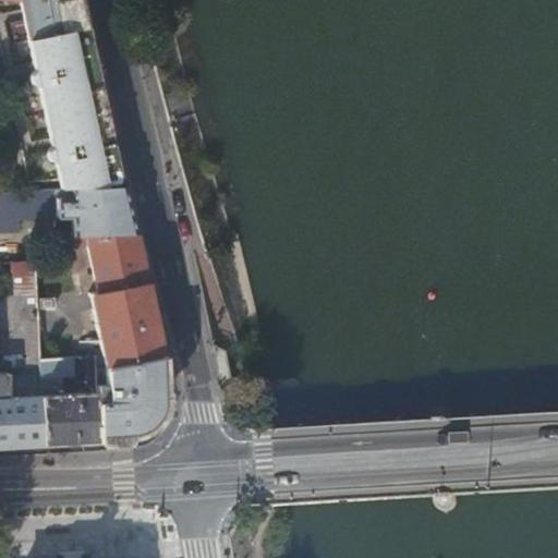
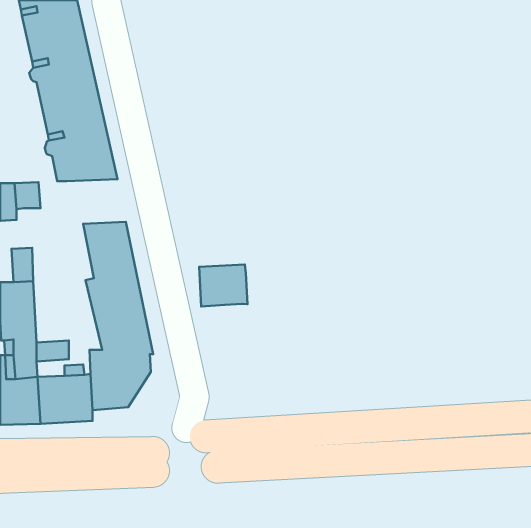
building: [56,192,134,239] -> none
building: none -> [199,264,248,307]

